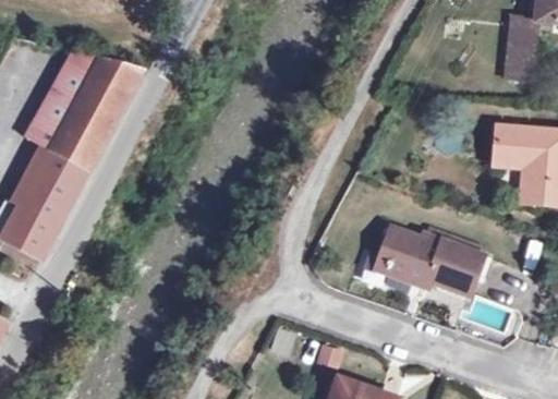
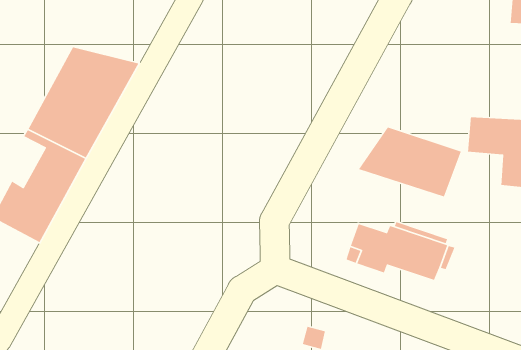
building: [504,25,532,82] -> none
building: none -> [358,126,462,197]

